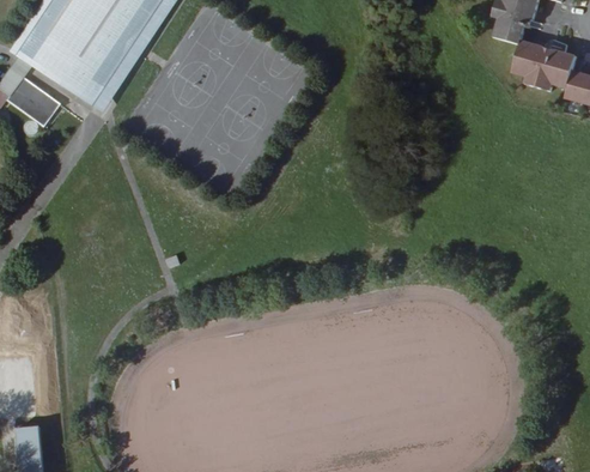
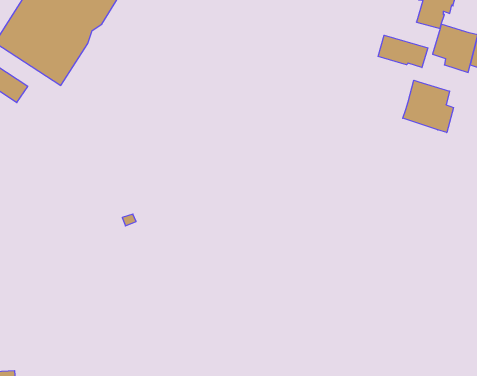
building: none -> [378,35,428,68]
building: none -> [403,80,453,133]

